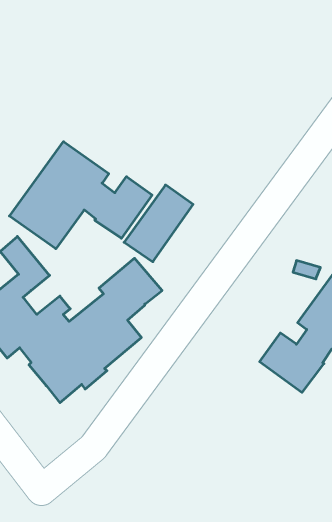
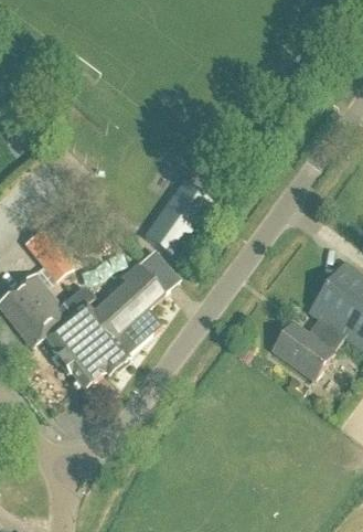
building: [9,142,152,249] -> none

